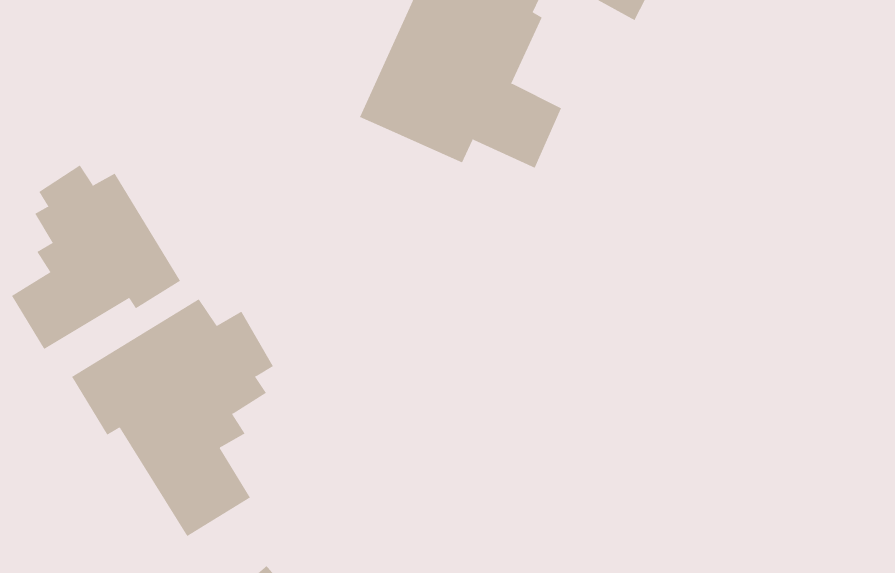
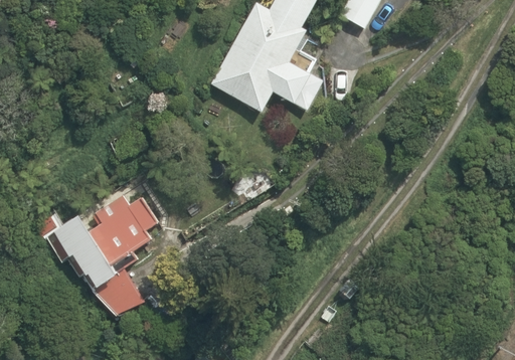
building: [11,165,181,350] -> none

